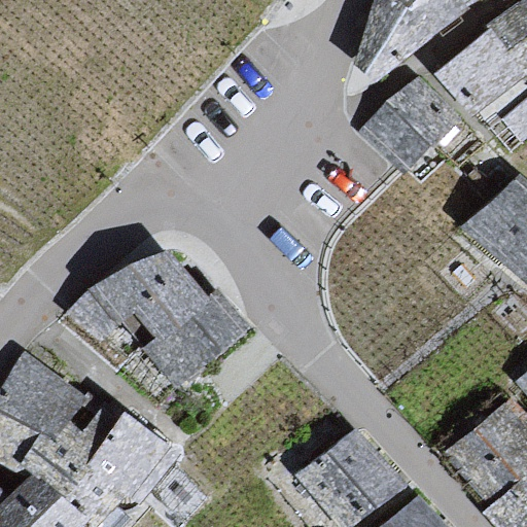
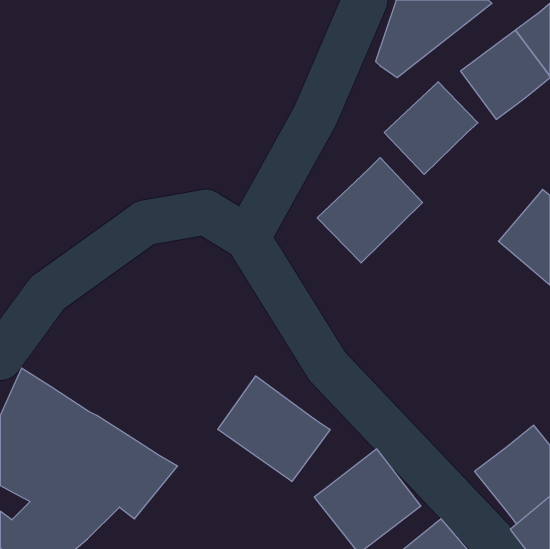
building: none -> [317,158,423,263]
building: [68,256,245,384] -> none
building: none -> [218,376,330,482]

